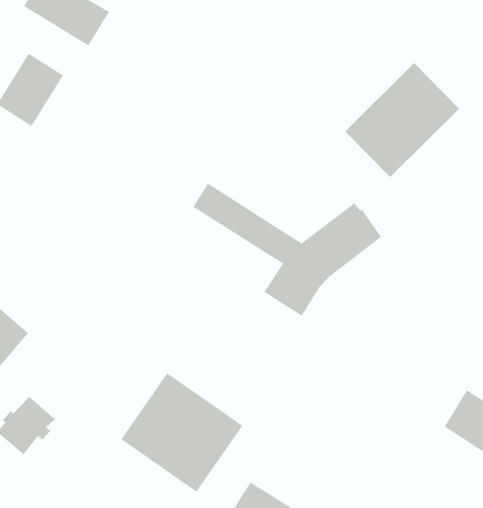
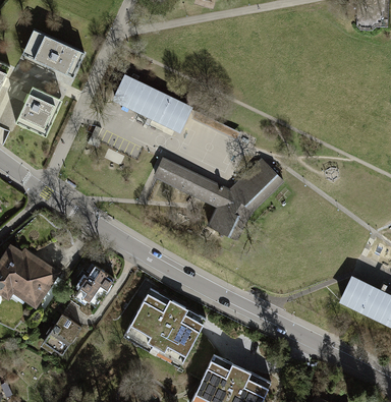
building: none -> [112,72,192,130]
building: [344,62,460,178] -> none
building: none -> [75,265,113,304]

